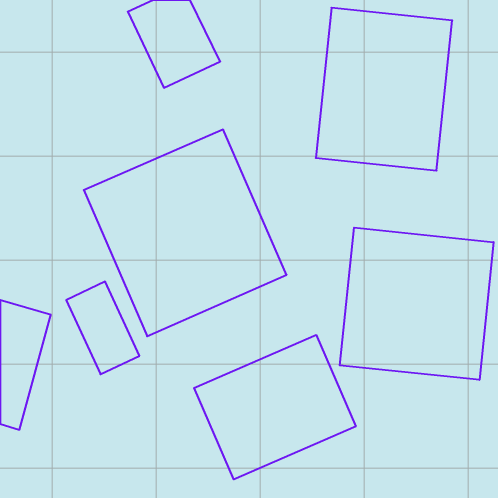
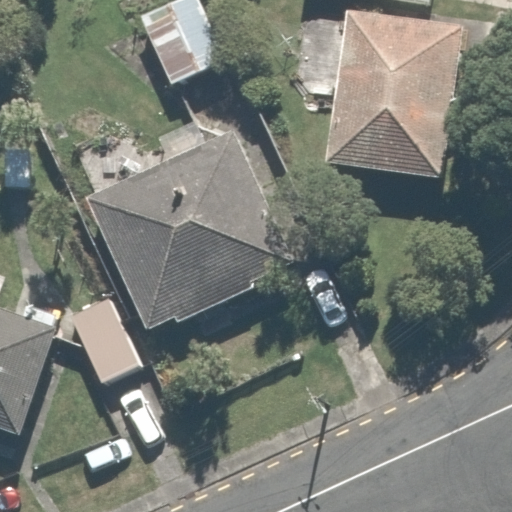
building: [340,228,494,380] -> none
building: [194,335,356,479] -> none

